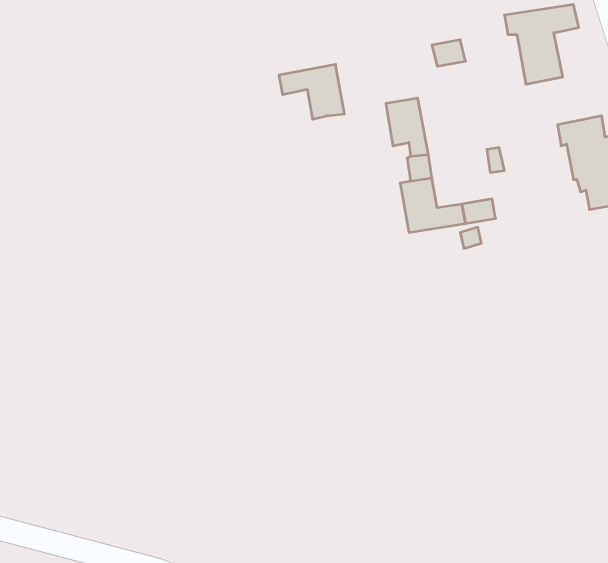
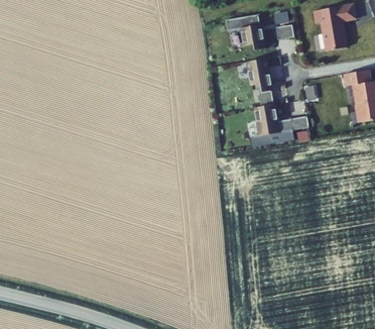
building: [279,64,344,119] -> [226,14,263,45]

